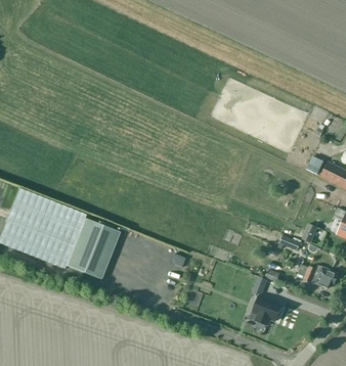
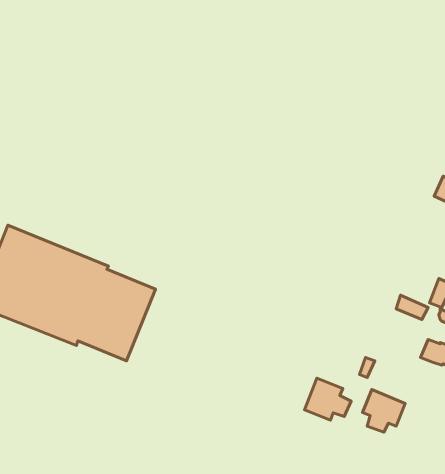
building: none -> [305,378,351,420]

